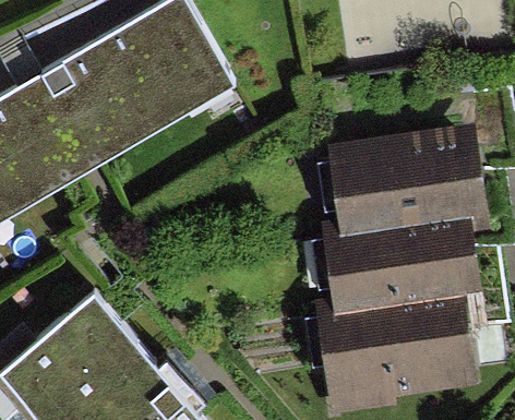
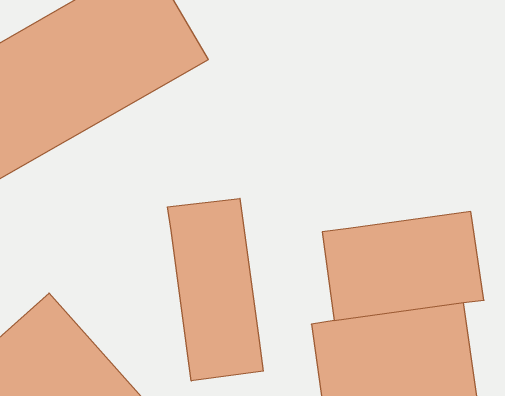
building: [347,135,493,235] -> none
building: none -> [168,198,263,381]

